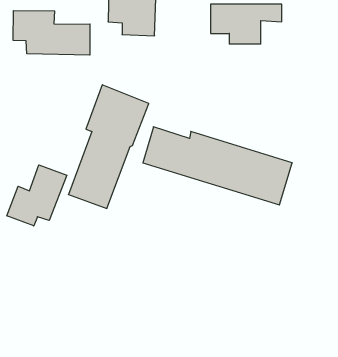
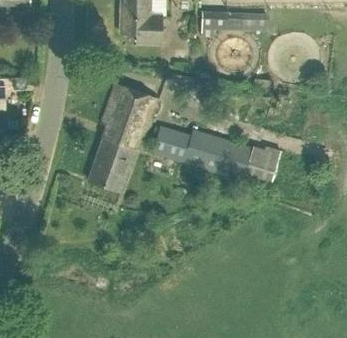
building: [13,11,90,55] -> none
building: [7,165,67,226] -> none

